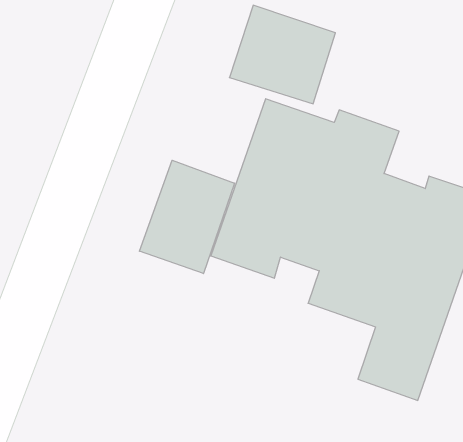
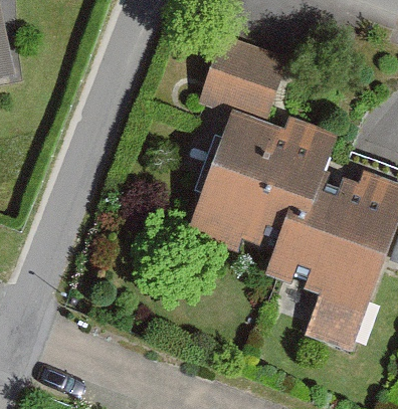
building: [139,160,235,274] -> none

